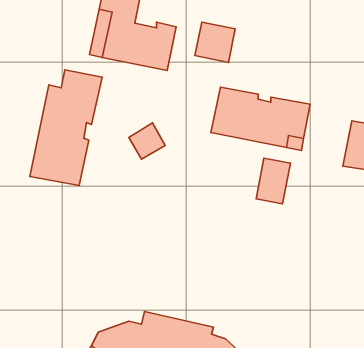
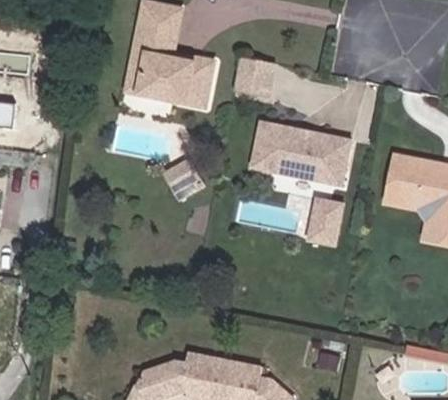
building: [30,70,102,185] -> none

